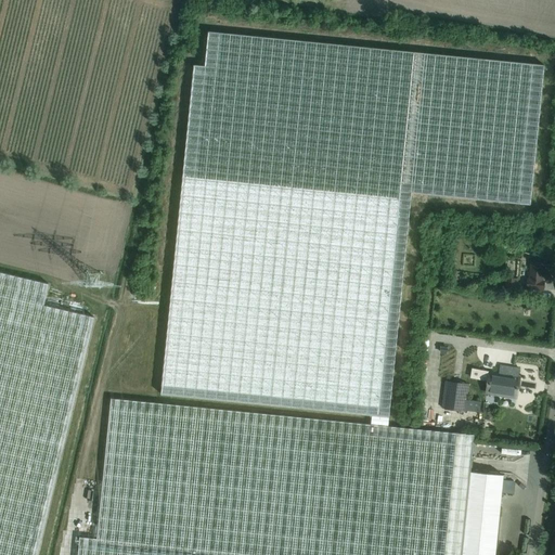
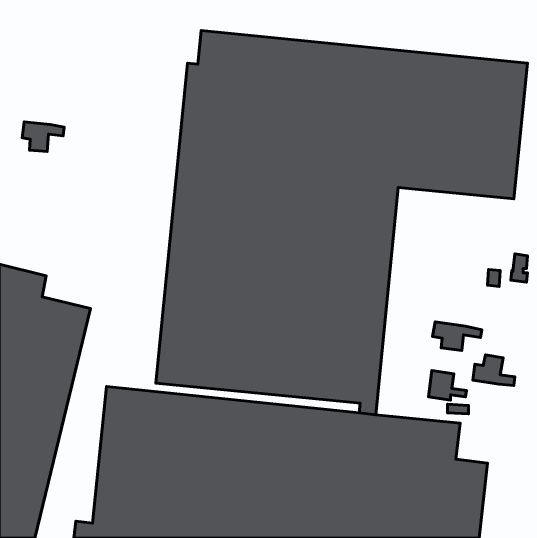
building: none -> [22,122,64,152]
building: none -> [433,322,482,351]

